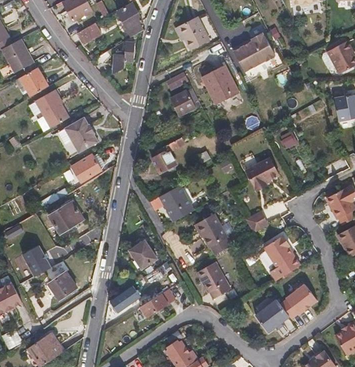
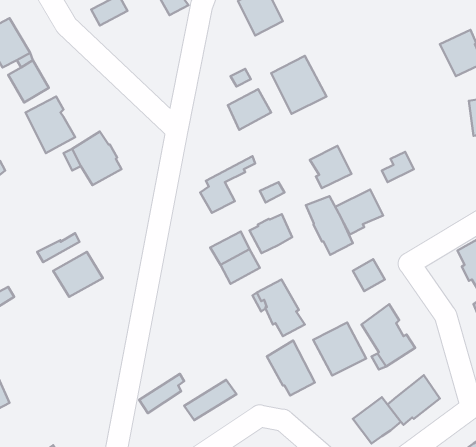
building: [233,34,274,71] -> none
building: [113,41,135,72] -> none
building: none -> [310,146,351,188]
building: [72,155,100,179] -> none
building: none -> [306,196,353,255]
building: none -> [249,214,292,253]
building: [129,240,156,268] -> none
building: [24,243,53,274] -> none
building: none -> [313,322,366,376]
building: [51,272,79,300] -> none

